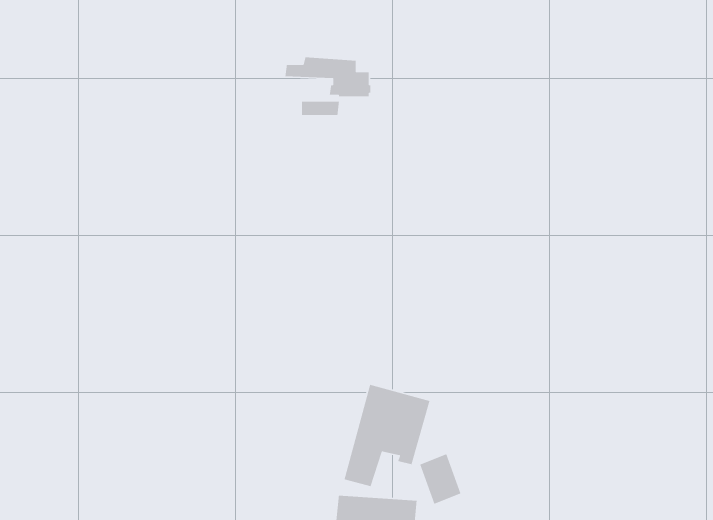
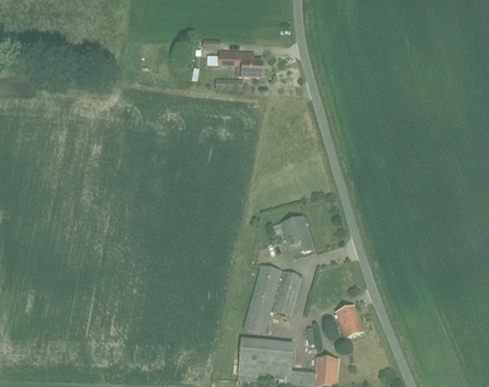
building: none -> [283,217,313,256]
building: [419,453,462,505] -> [336,306,364,340]

